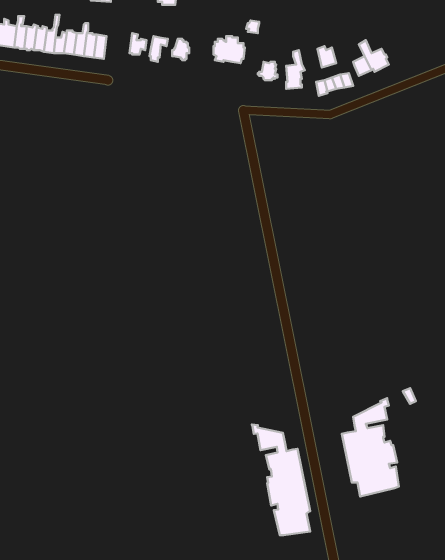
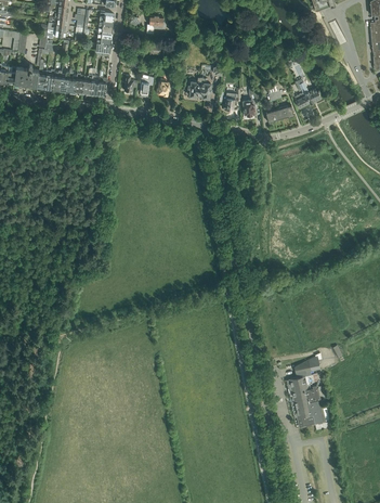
building: [252,425,310,535] -> none

